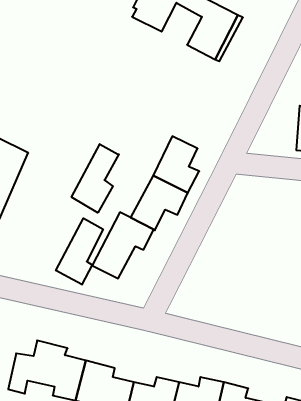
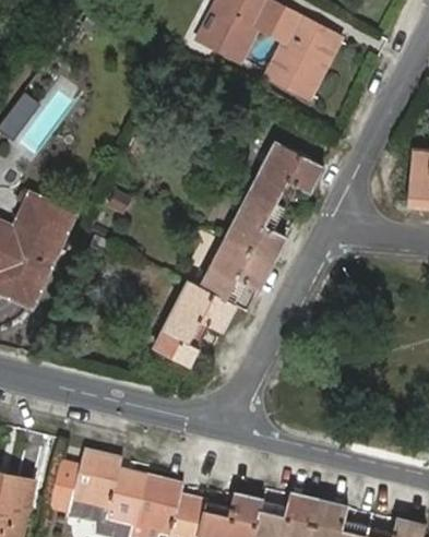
building: none -> [252,143,323,207]
building: [72,144,119,213] -> none
building: [56,218,103,285] -> none

